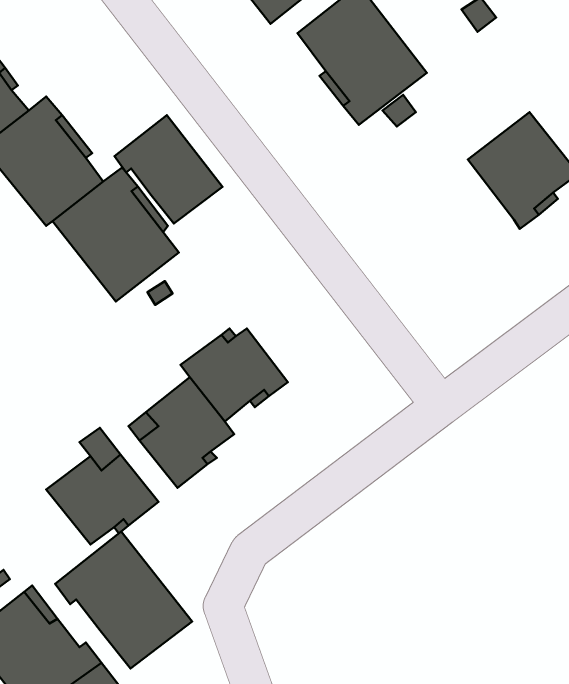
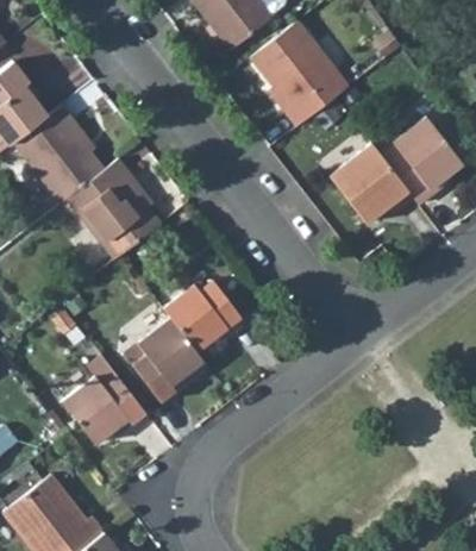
building: [115,115,223,224] -> none
building: none -> [330,143,414,223]
building: [55,532,192,668] -> none

